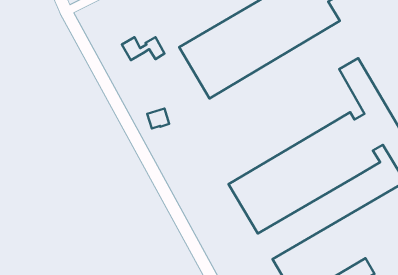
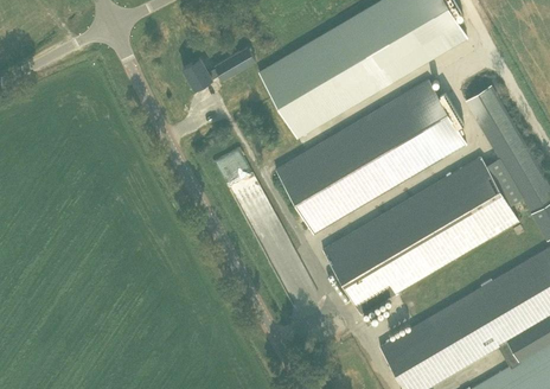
building: none -> [275,78,467,234]

